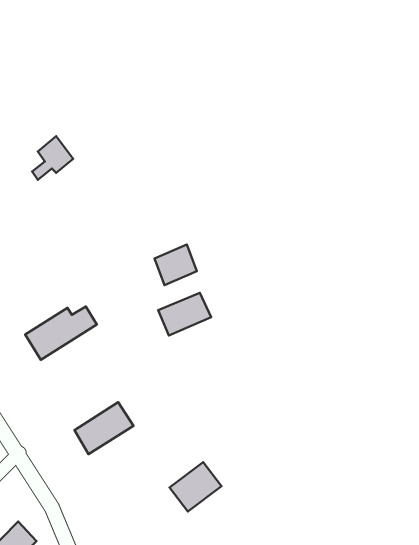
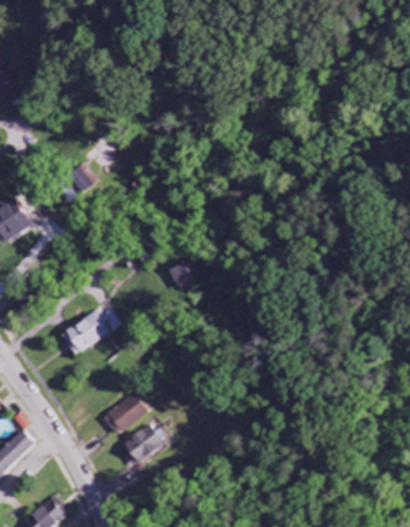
building: [158,293,211,336] -> none
building: [169,462,221,512] -> [119,422,164,464]

